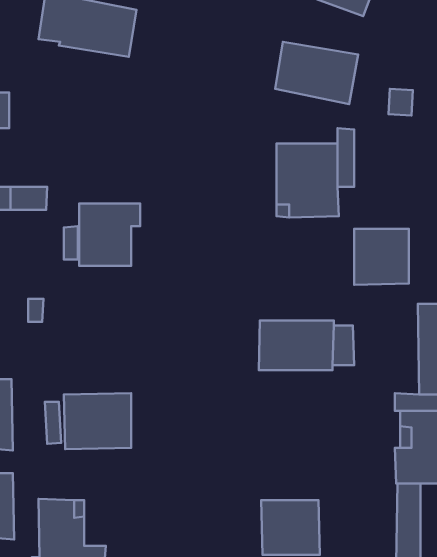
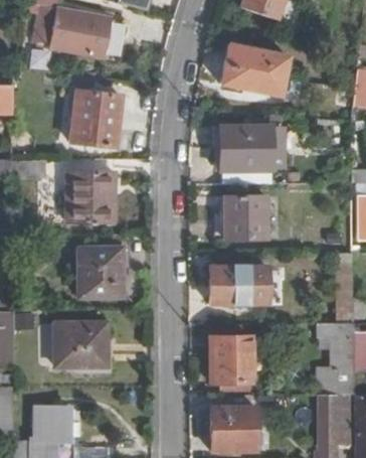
building: none -> [71,92,122,148]
building: [354,229,409,285] -> [224,196,267,241]
building: none -> [78,247,123,298]
building: none -> [210,337,245,388]

